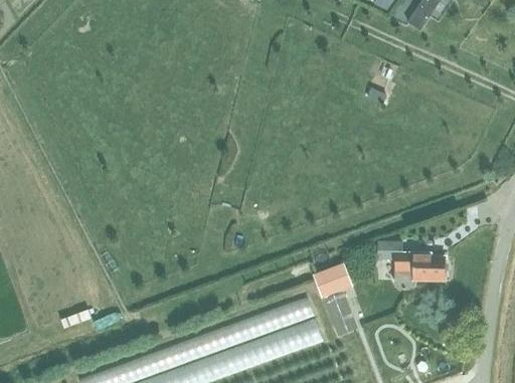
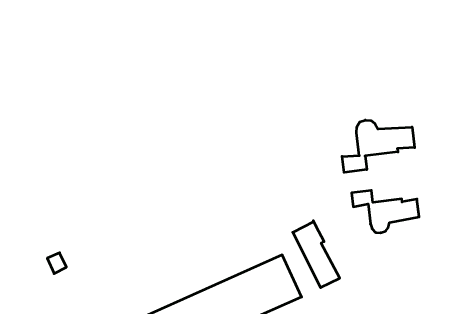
building: none -> [342,120,415,172]

